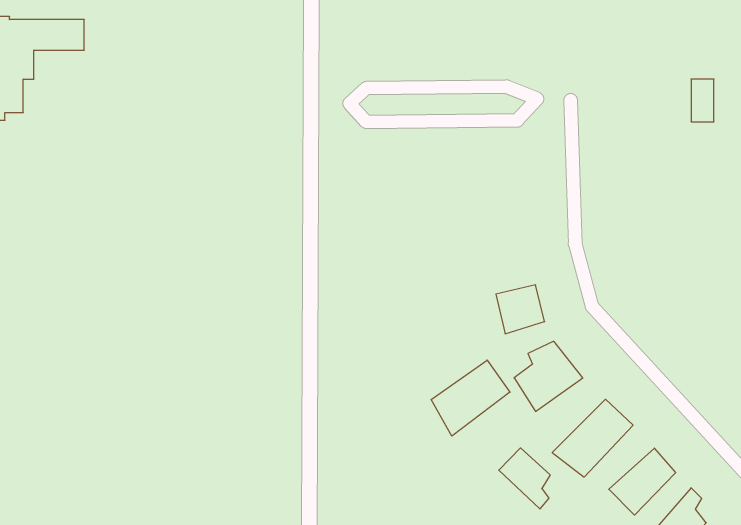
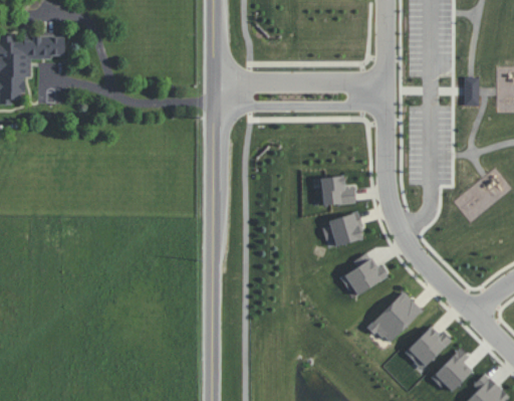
building: none -> [320,178,354,209]
building: [431,360,510,436] -> none
building: [499,448,550,509] -> none

